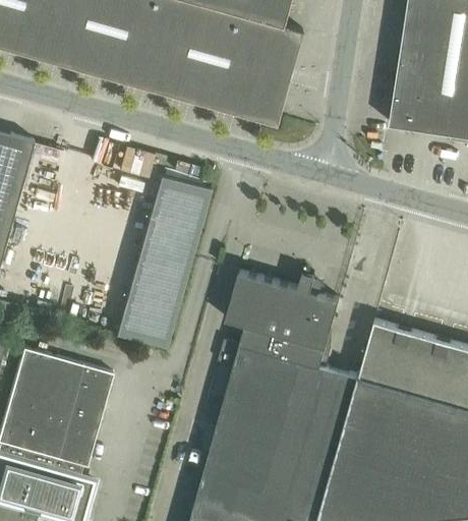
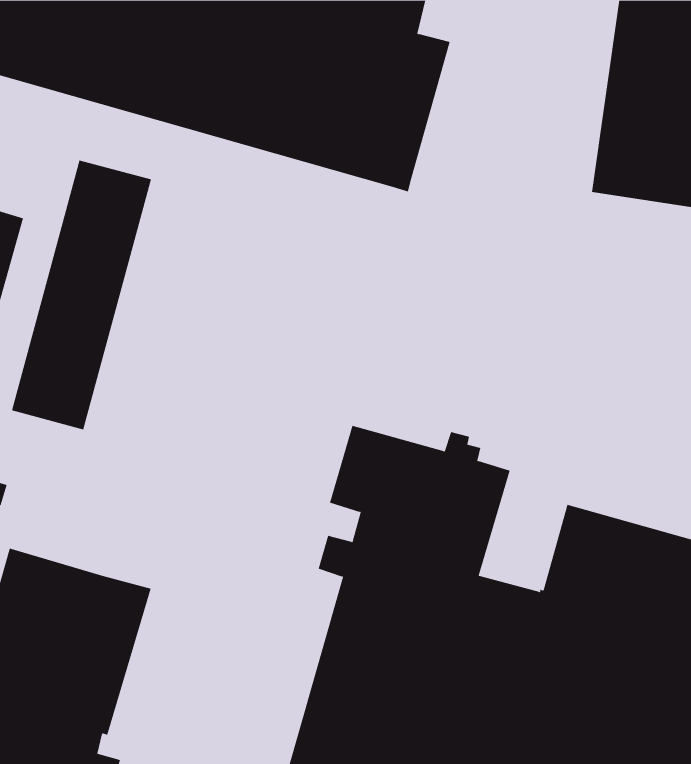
building: [111,184,199,354] -> [11,160,152,430]

